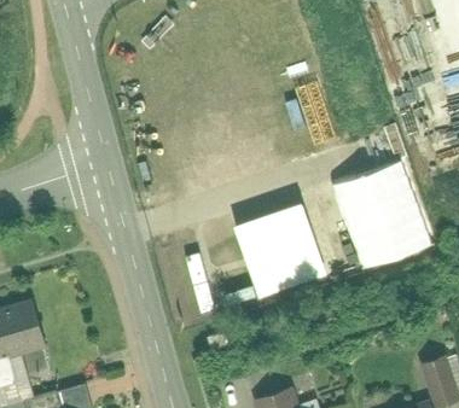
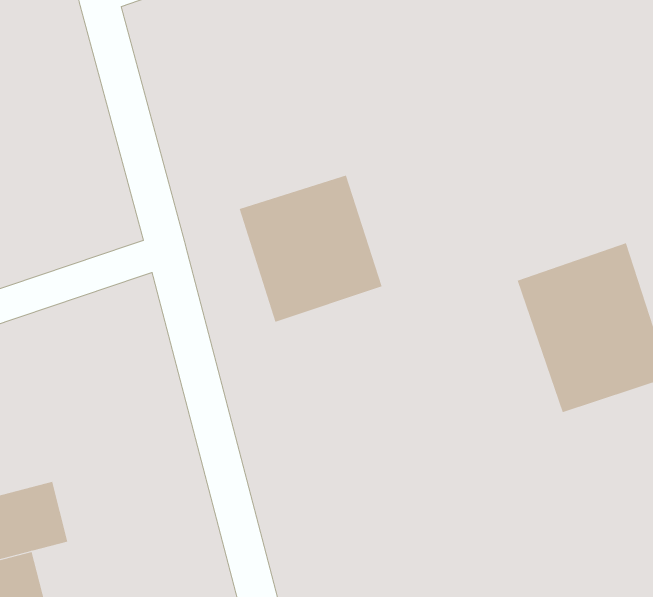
building: [232,199,324,293] -> [239,175,383,323]

